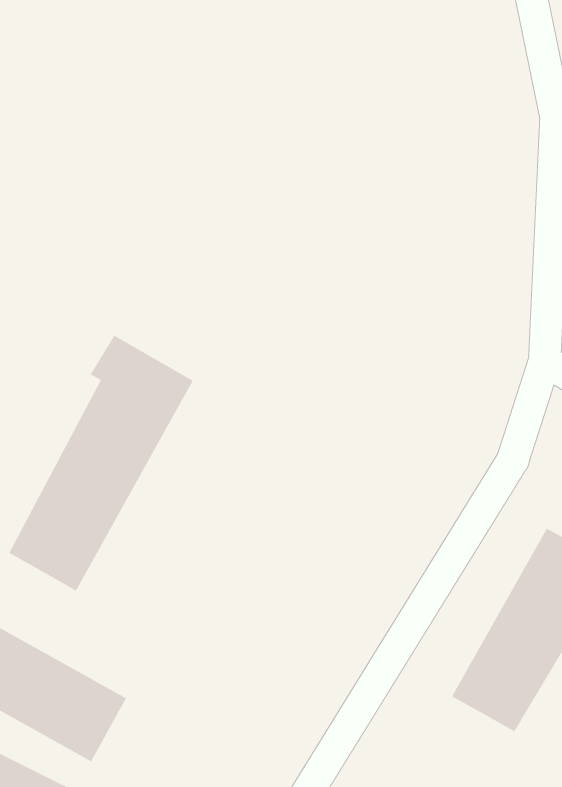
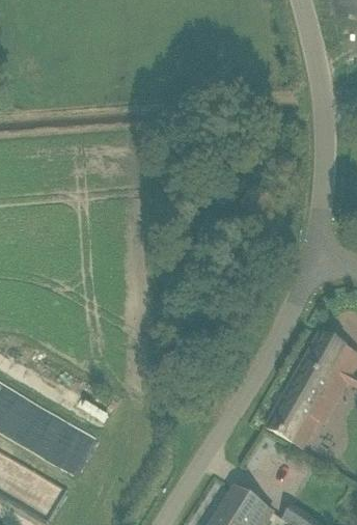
building: [8,335,194,591] -> none

